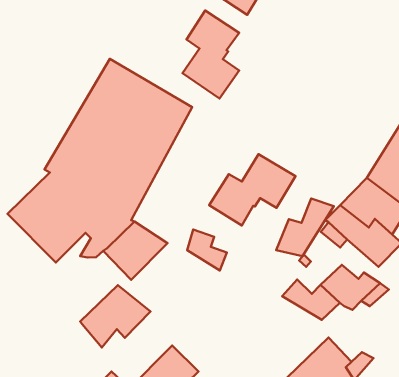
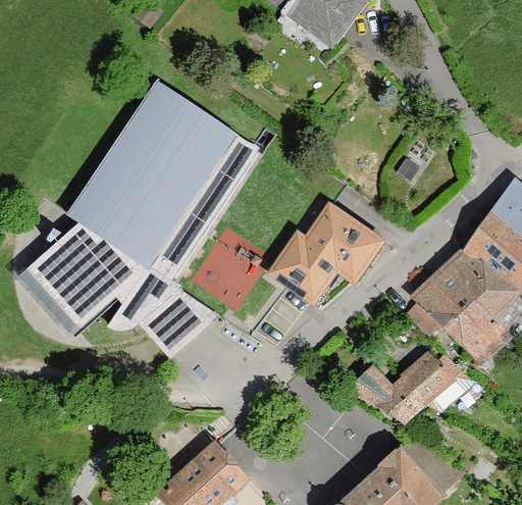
building: [183,11,239,99] -> none
building: [276,198,334,256] -> none
building: [187,229,227,270] -> none
building: [80,285,151,347] -> none

